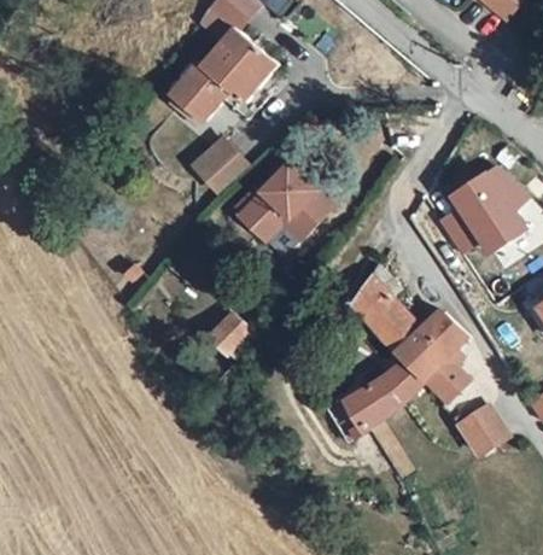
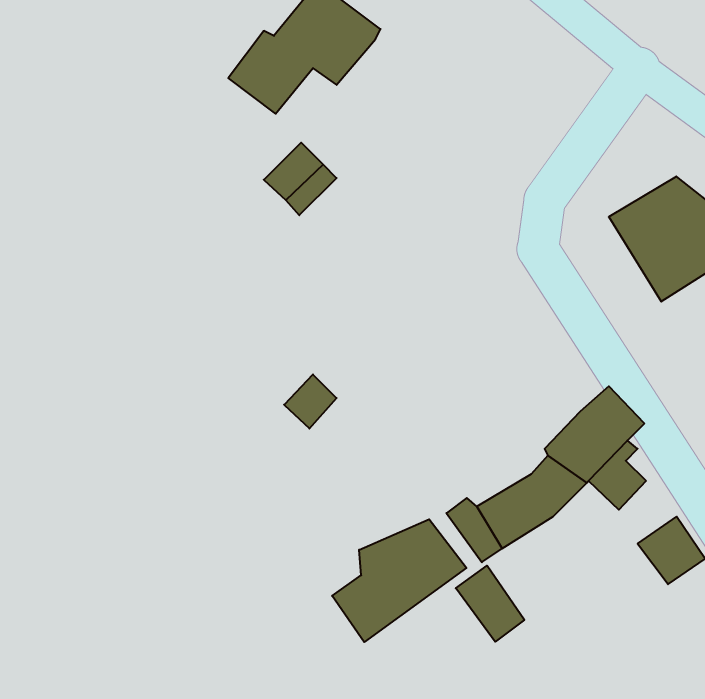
building: [233,164,328,243] -> none
building: [352,265,422,360] -> none
building: none -> [332,519,466,642]
building: none -> [456,566,524,642]

